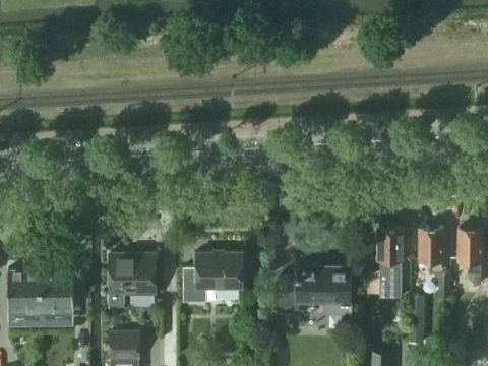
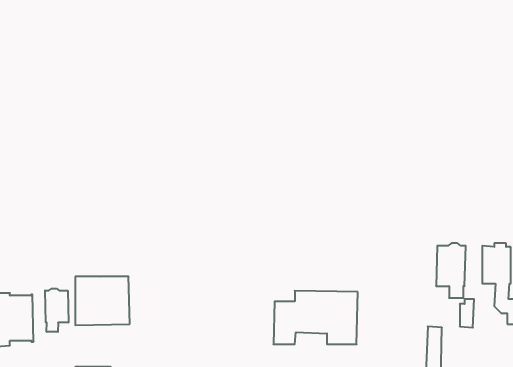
building: [378,226,402,299] -> none
building: [183,254,242,303] -> none
building: none -> [45,289,68,332]

